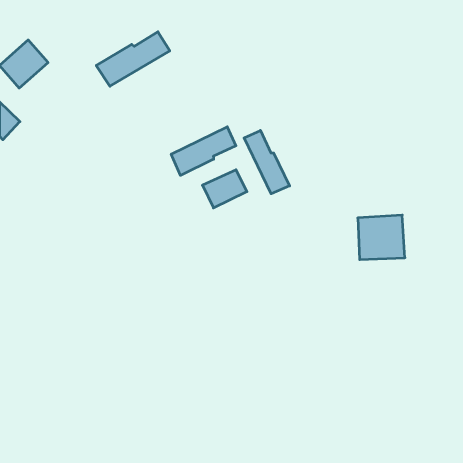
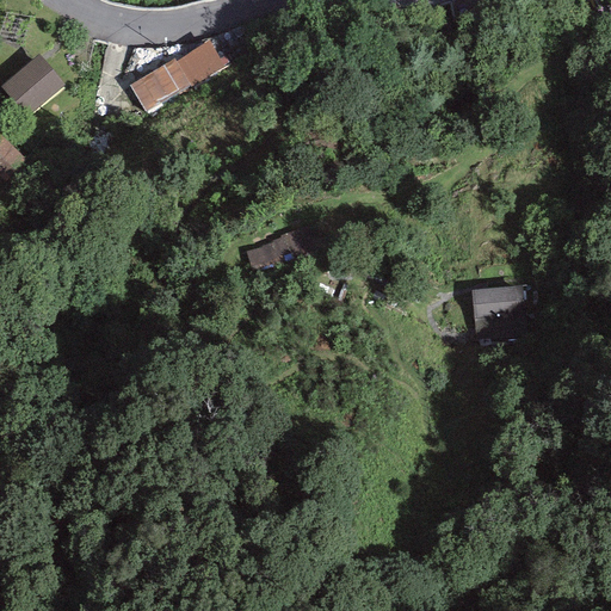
building: [171,127,236,175] -> none
building: [244,130,290,194] -> none

